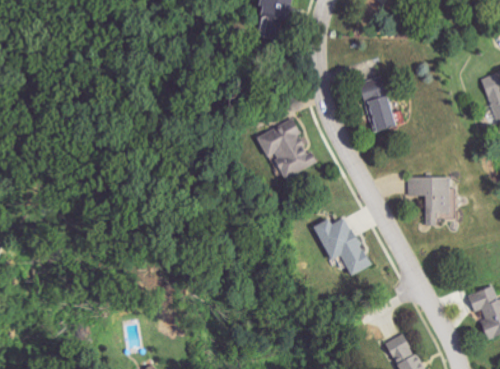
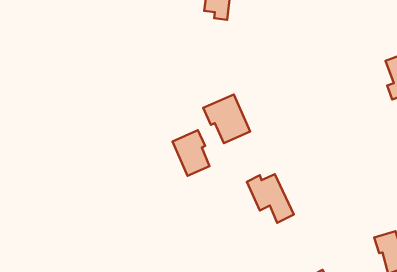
building: [361,86,395,132] -> none
building: none -> [172,130,209,176]
building: [408,177,450,224] -> none

